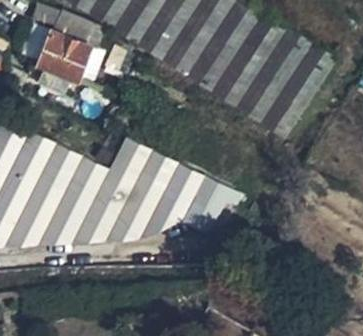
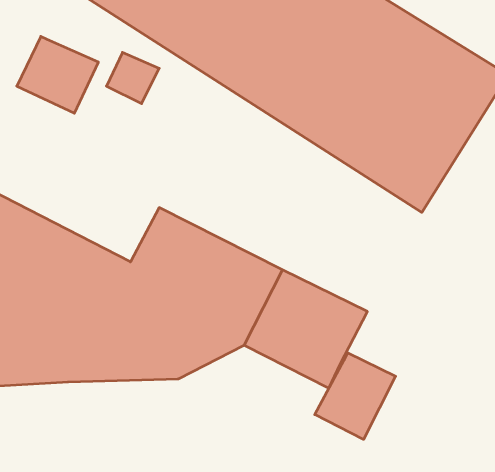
building: [52,13,98,49] -> none
building: none -> [315,353,396,439]

